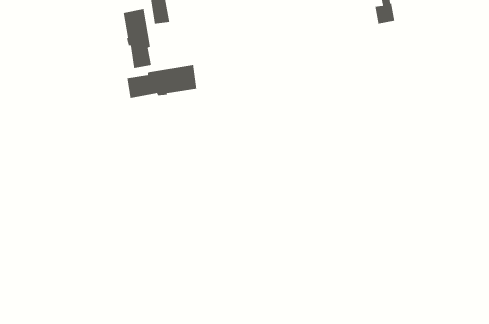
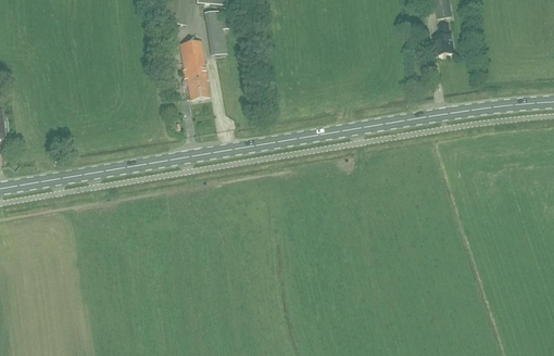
building: [127,64,197,99] -> none

